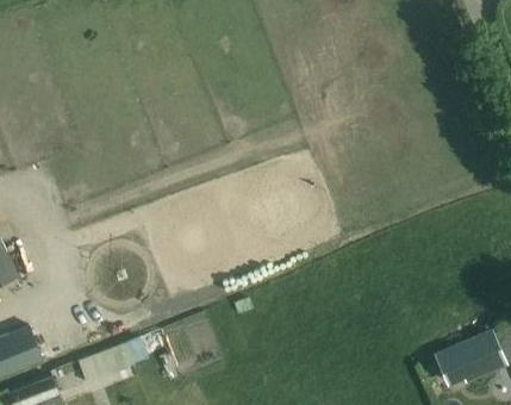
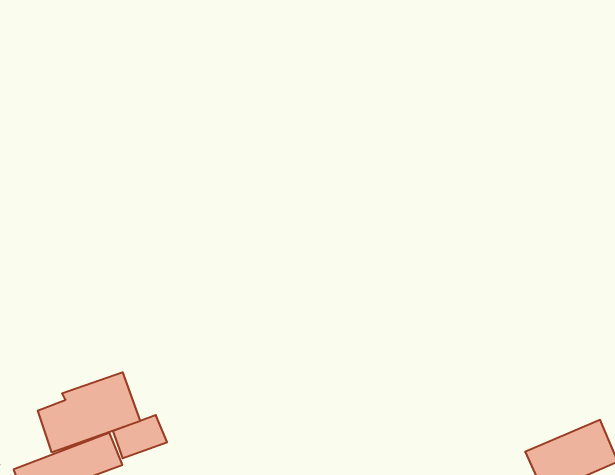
building: none -> [38,372,140,452]

